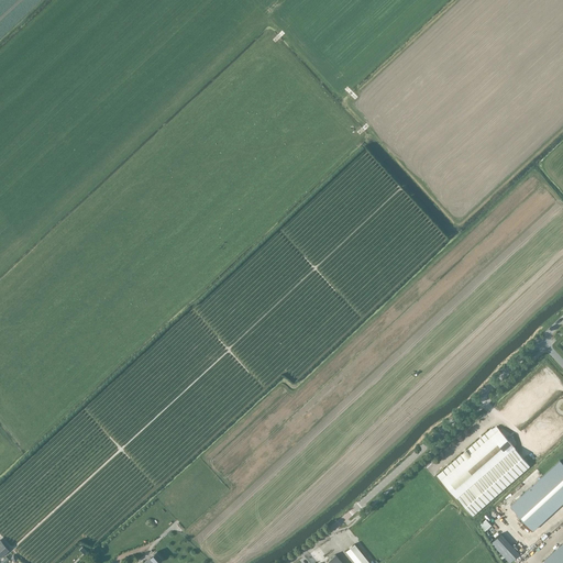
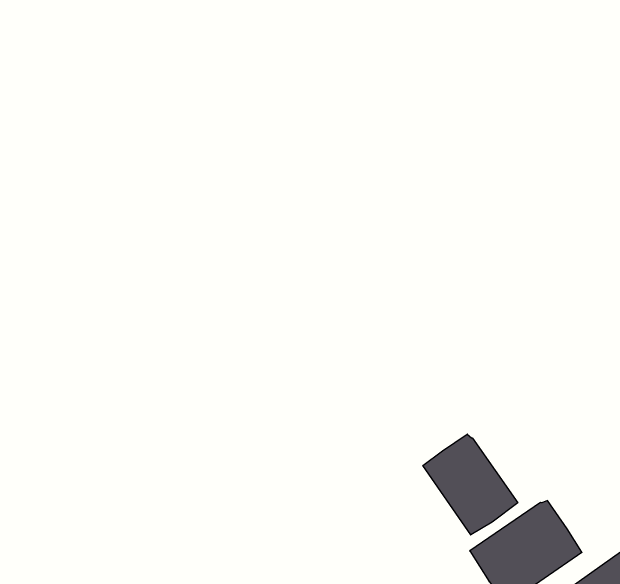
building: none -> [423,434,518,535]

